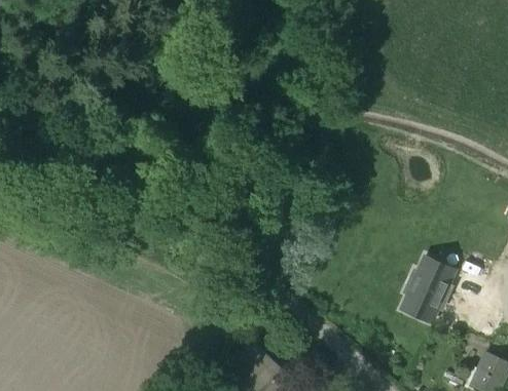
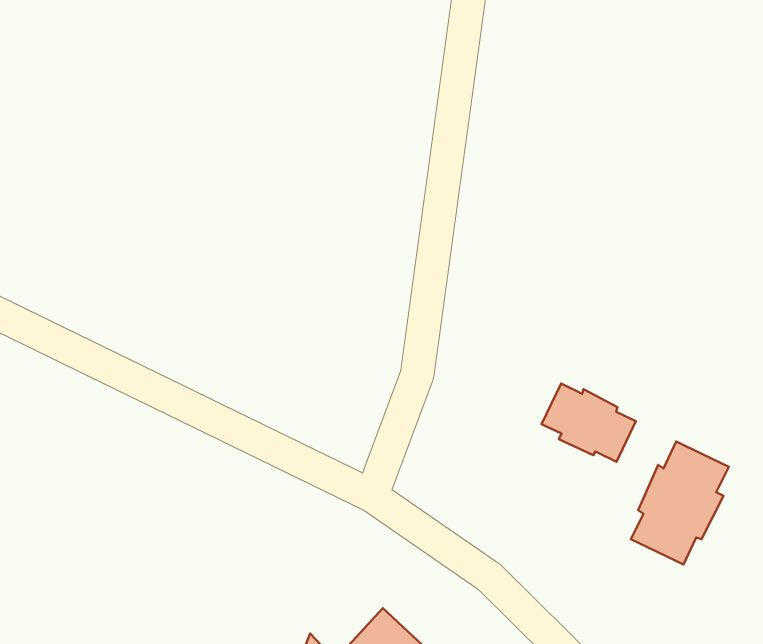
building: none -> [542,384,636,462]

